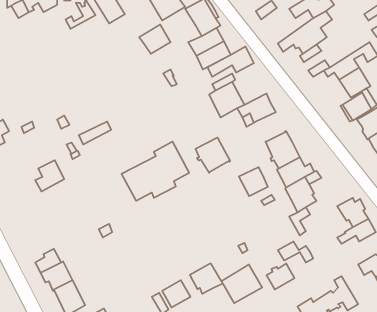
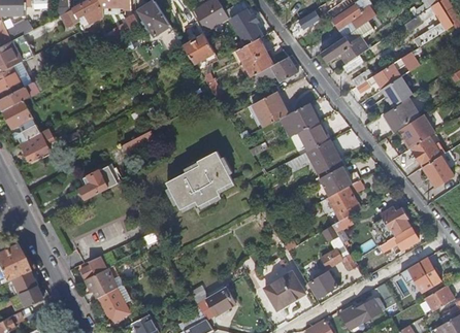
building: [196,138,230,173] -> none
building: [239,167,268,196] -> [299,122,328,151]
building: [190,264,223,294] -> none

